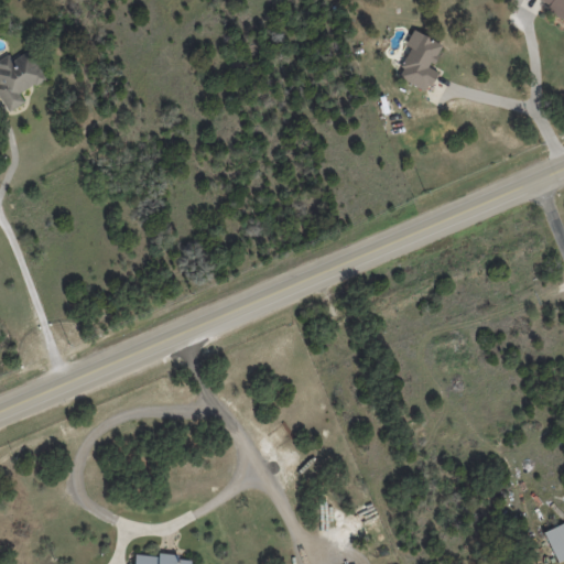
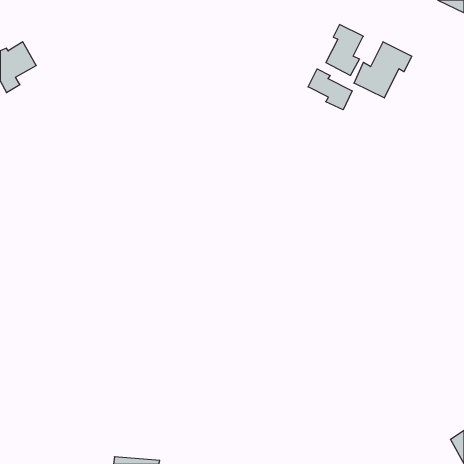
building: none -> [354,42,412,98]
building: none -> [308,69,352,110]

